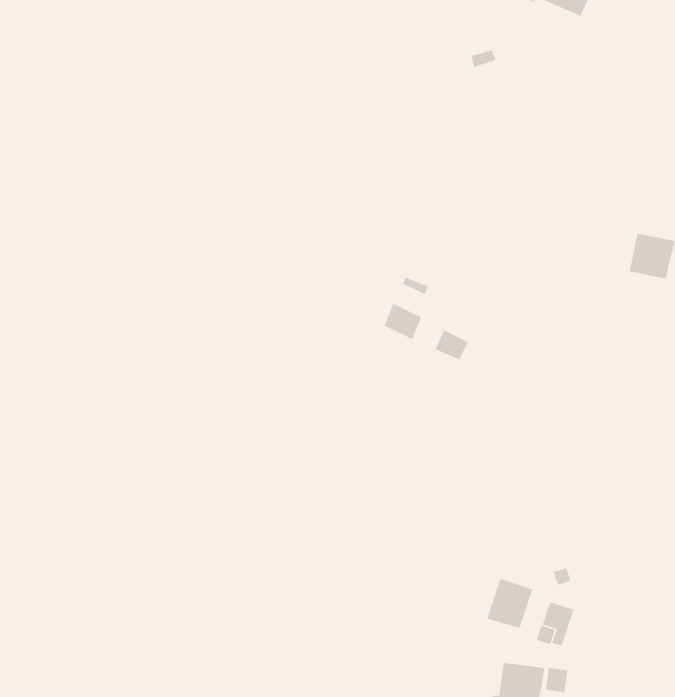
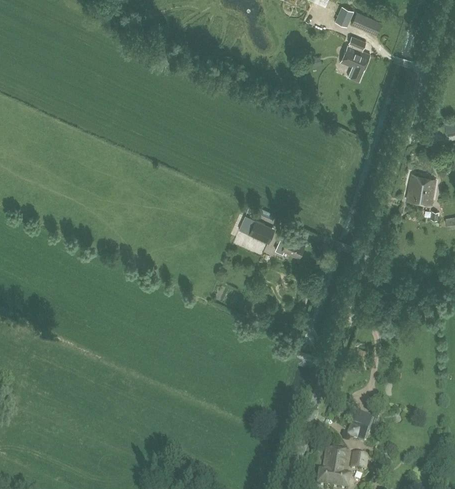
building: none -> [340,35,369,80]
building: [486,578,533,629] -> none

